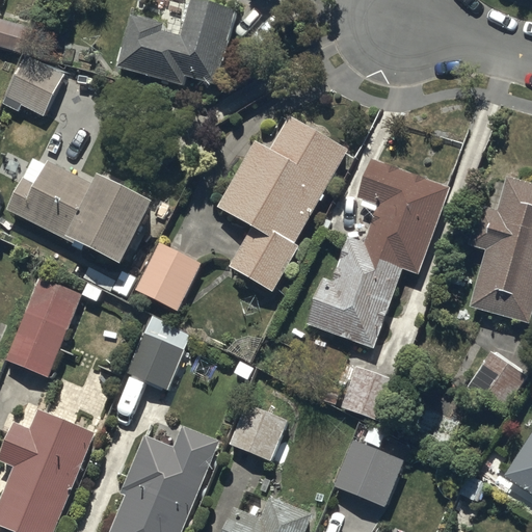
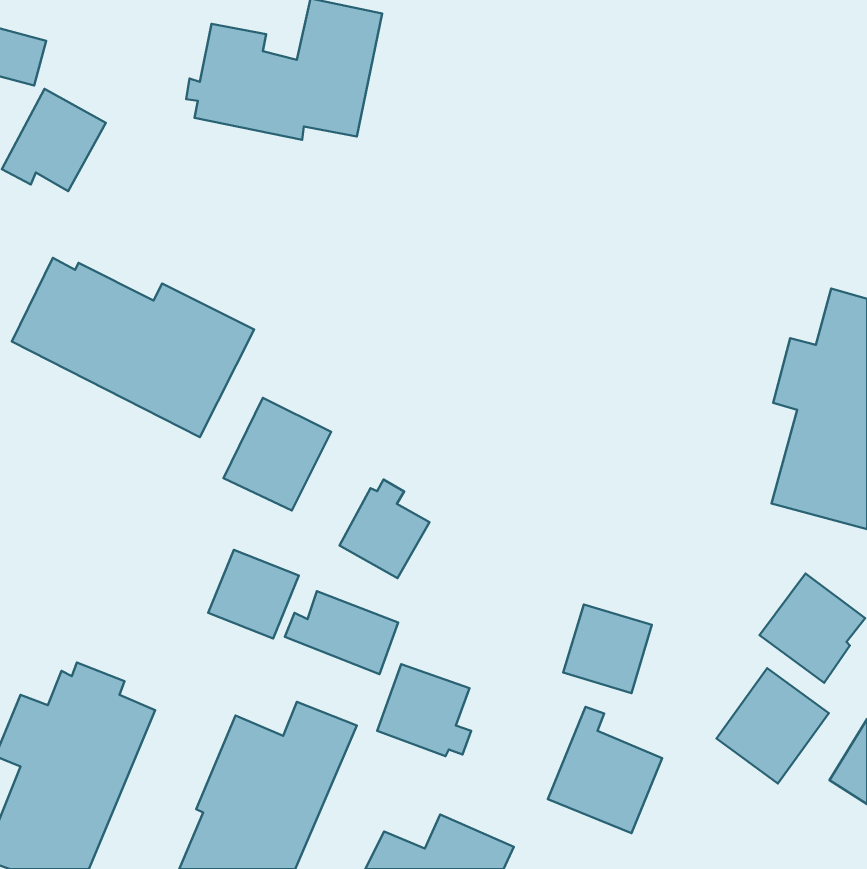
building: [218,116,347,292] -> none
building: [304,158,448,349] -> none
building: [5,281,80,376] -> none
building: none -> [340,480,430,578]
building: none -> [285,591,398,674]
building: none -> [716,668,829,784]

